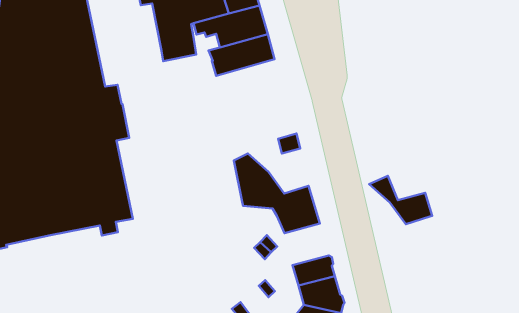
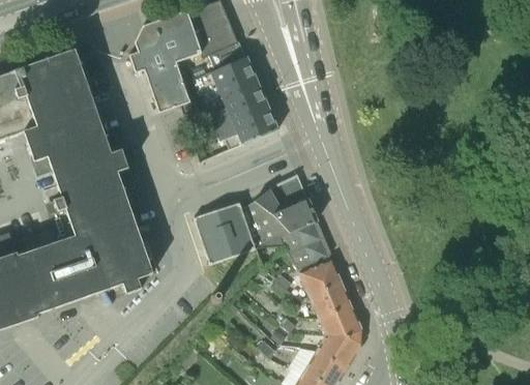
building: none -> [214,107,276,149]
building: none -> [194,201,256,264]
building: [369,176,432,224] -> [254,188,317,232]
building: none -> [299,259,343,298]

